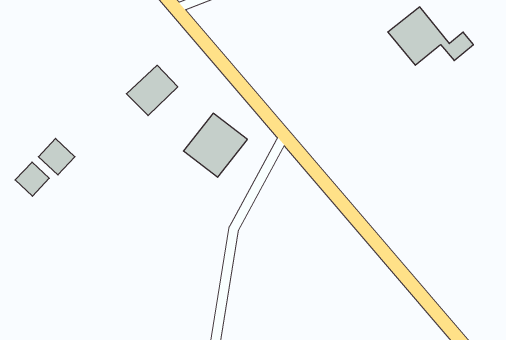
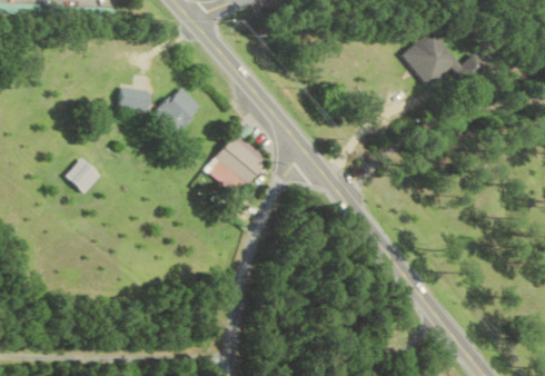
building: none -> [115,86,147,111]
building: [15,162,49,196] -> none

